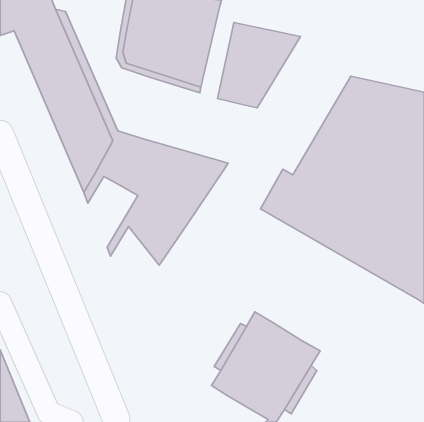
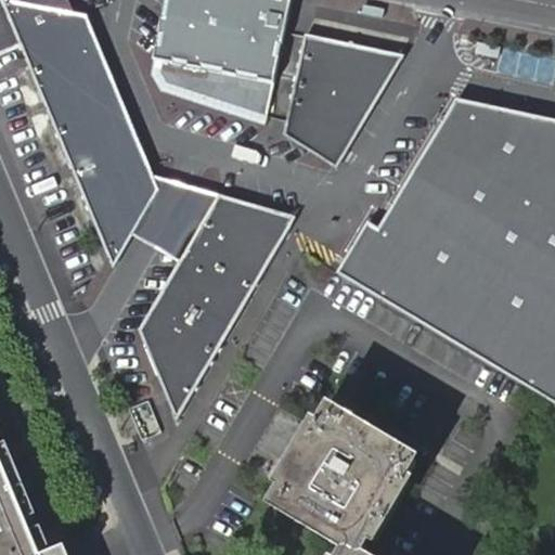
building: none -> [284,48,405,163]
building: none -> [144,296,212,400]

